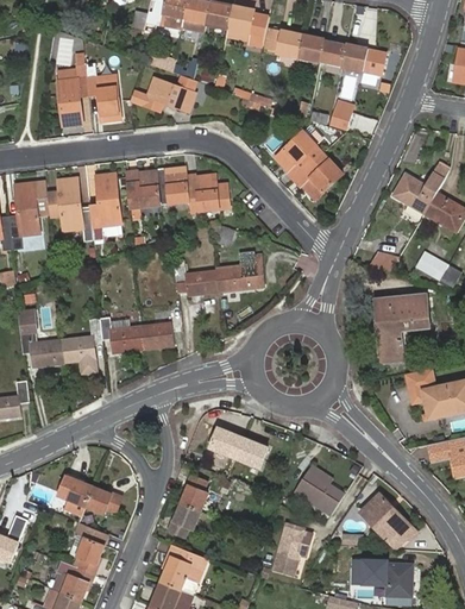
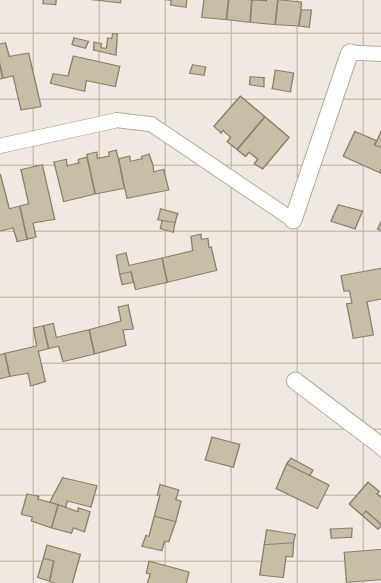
building: [209,429,243,459] -> none
building: none -> [50,477,97,507]

